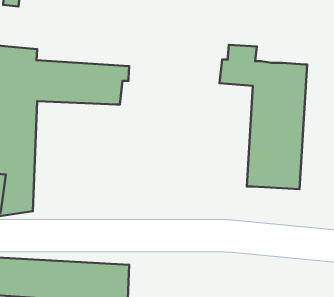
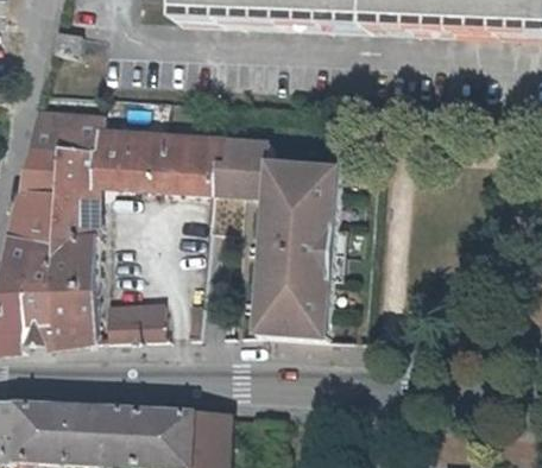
building: [219,45,307,189] -> [213,135,335,336]
building: none -> [106,297,163,336]

